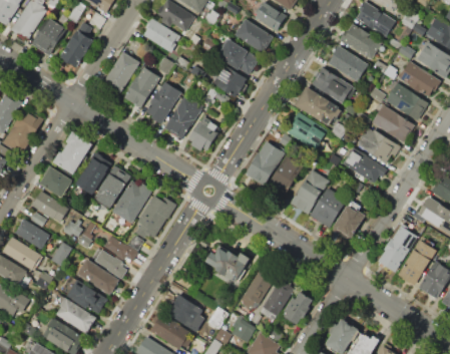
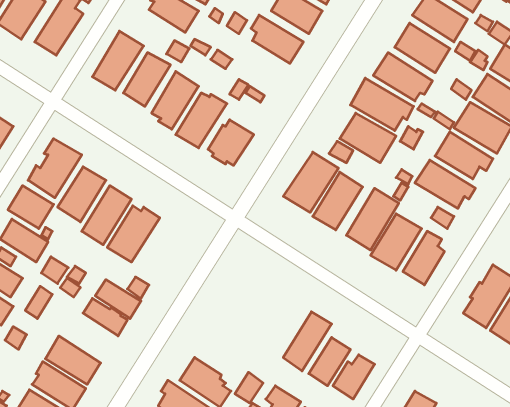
building: [213,68,246,96] -> none
building: [135,196,176,239] -> none
building: [204,246,250,281] -> none
building: [76,259,119,297] -> none

